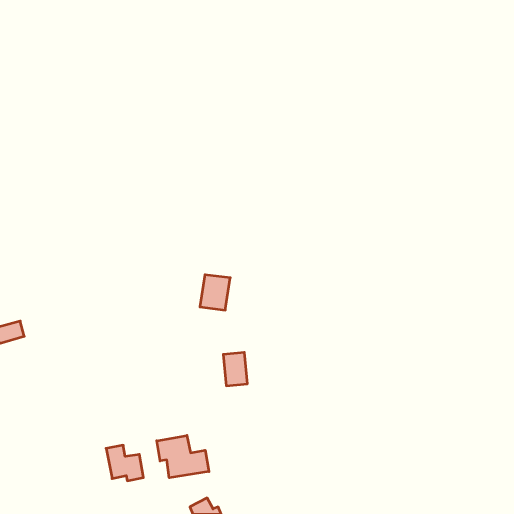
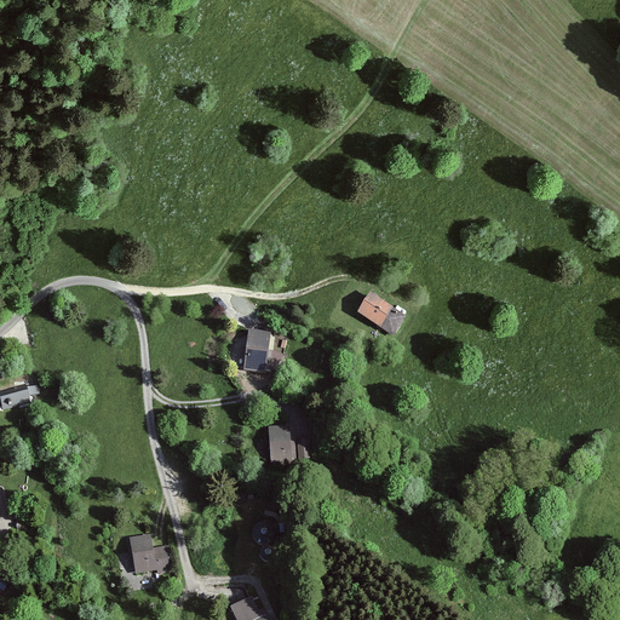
building: none -> [355,291,403,333]
building: [157,435,209,478] -> none

